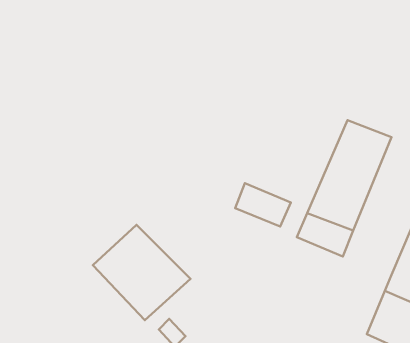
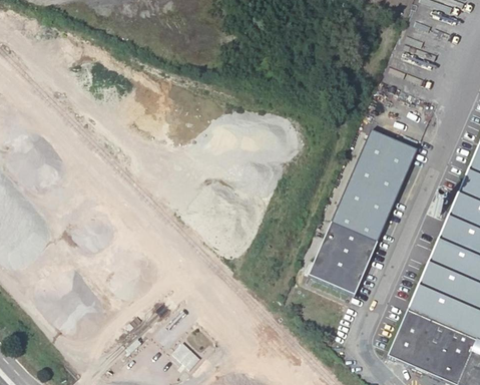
building: [235,183,291,226] -> [307,253,365,298]
building: [93,225,190,320] -> none

